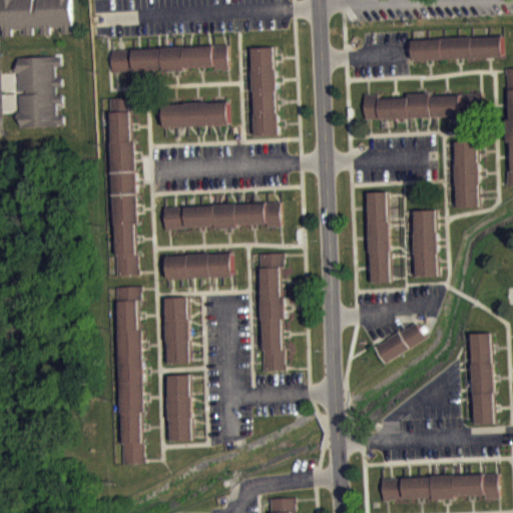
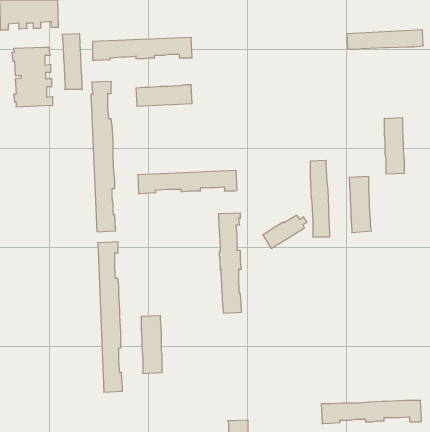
building: none -> [63,33,82,90]
building: [249,49,276,136] -> none
building: [362,91,481,120] -> none
building: [164,253,230,279] -> none
building: [163,298,187,363] -> none
building: [374,324,426,363] -> [263,215,307,248]
building: [467,334,492,425] -> none

